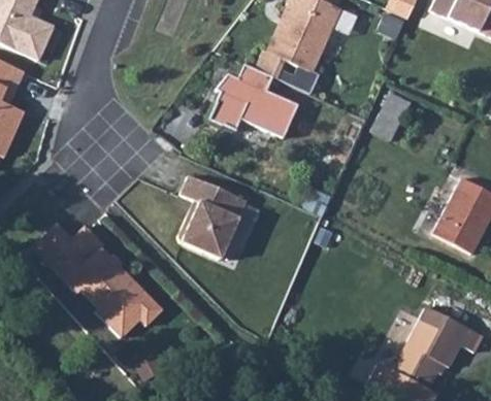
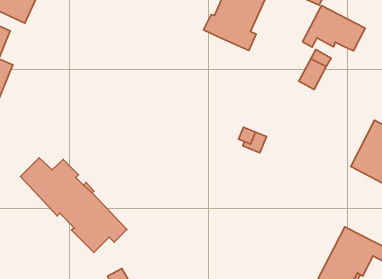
building: none -> [303,5,365,51]
building: [207,64,297,138] -> none
building: [178,175,247,260] -> none

